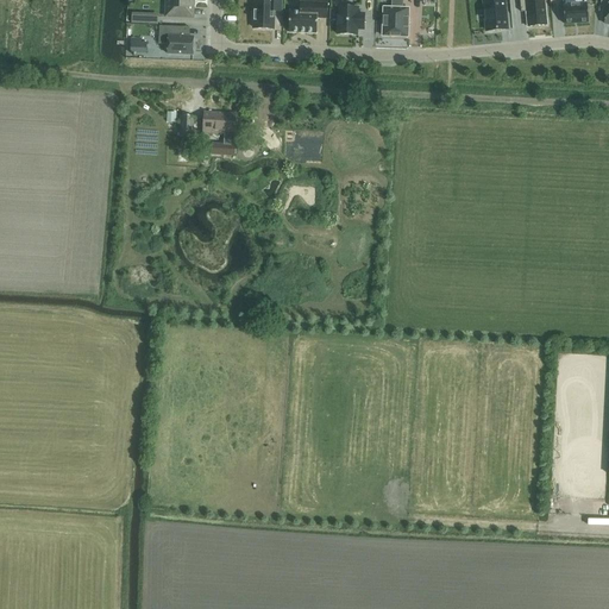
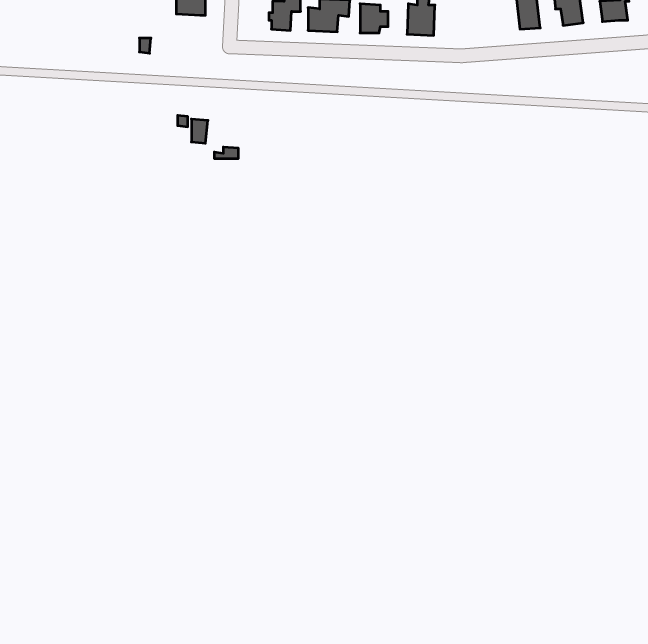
building: [158,23,194,51] -> none
building: [202,109,237,131] -> none

